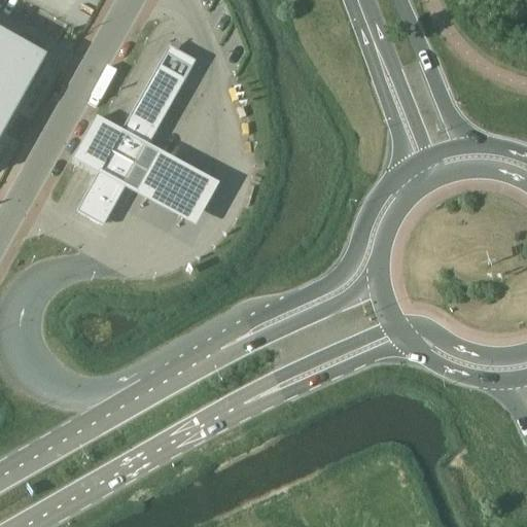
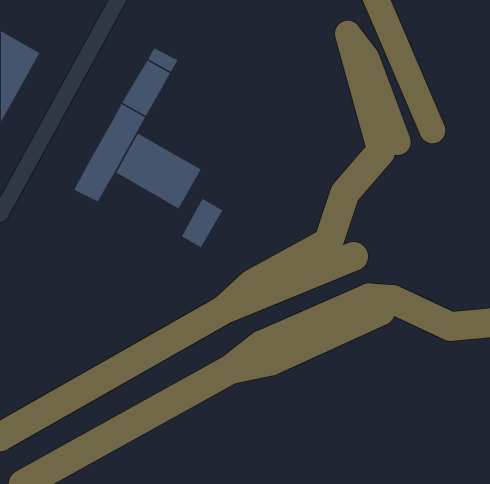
building: [73,114,121,171] -> none
building: none -> [181,198,224,249]

